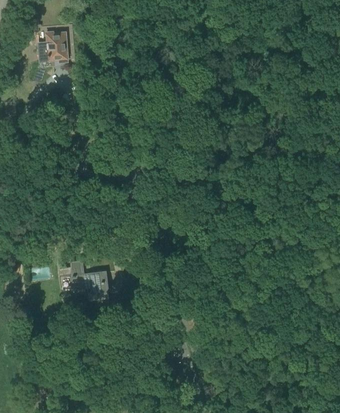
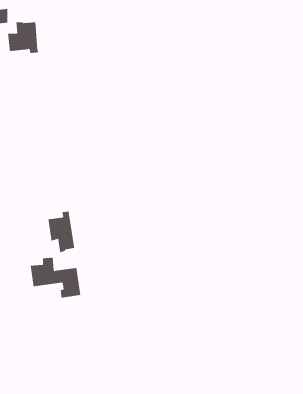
building: none -> [48,211,75,253]

